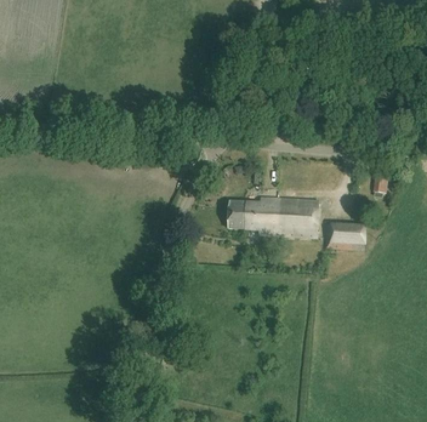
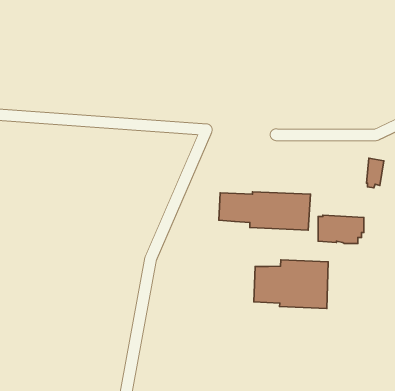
building: none -> [254,260,328,308]

